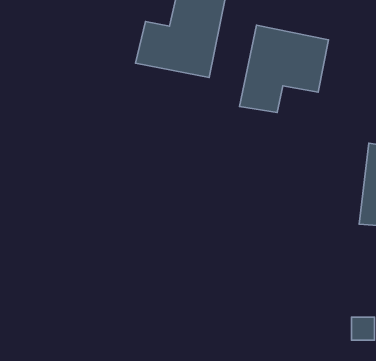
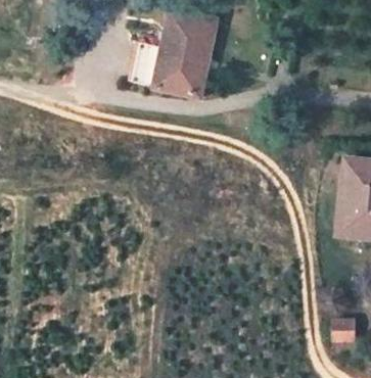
building: [239,25,329,112] -> none

